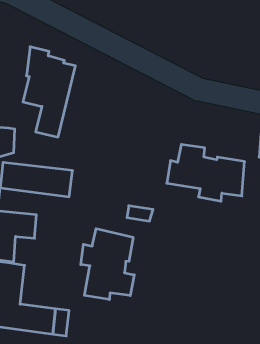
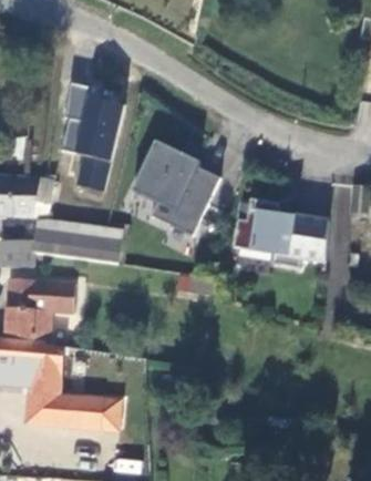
building: none -> [133,139,220,233]
building: [81,229,134,300] -> none

